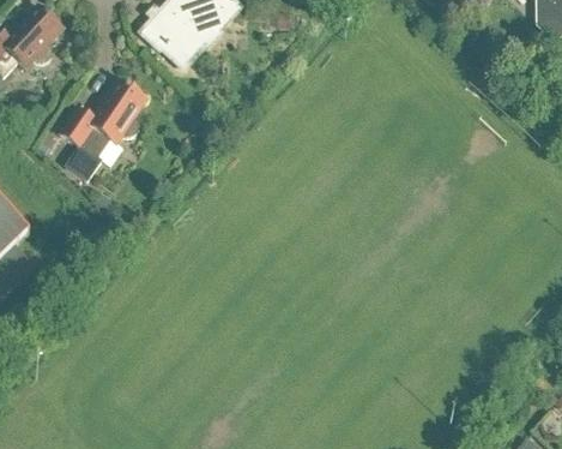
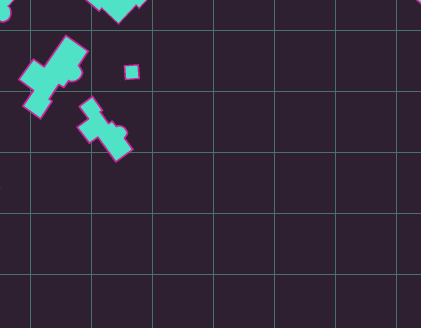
building: none -> [77,97,133,162]

